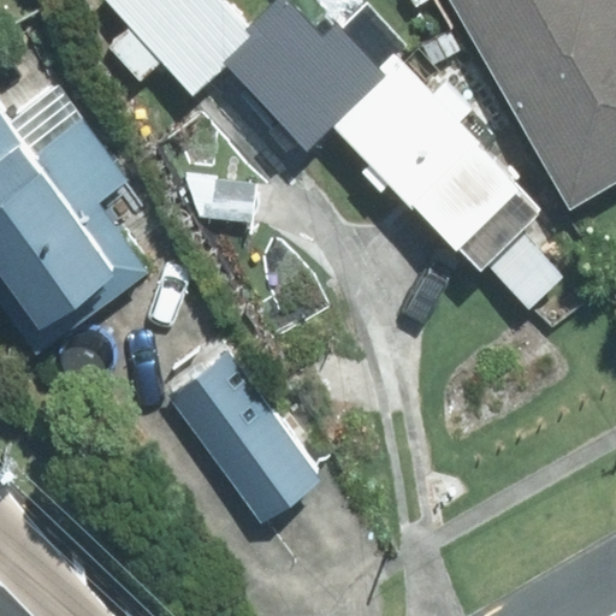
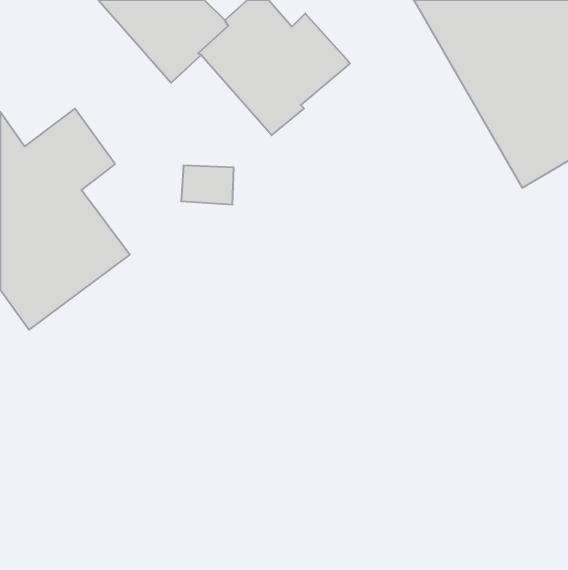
building: [327,49,510,245] -> none
building: [171,346,315,516] -> none

